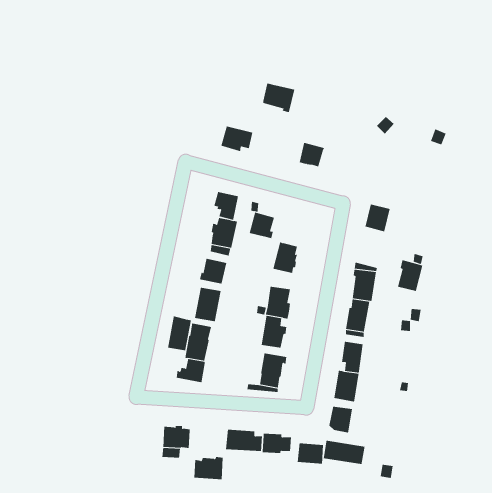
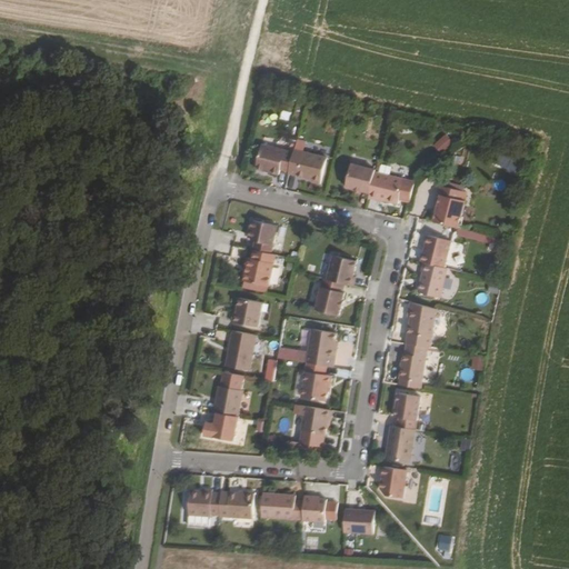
building: [262,83,295,113] -> [287,150,325,184]
building: none -> [367,172,413,203]
building: none -> [431,186,462,228]
building: [249,212,275,239] -> [325,254,355,286]
building: [397,260,423,292] -> [416,261,446,298]
building: [167,316,191,351] -> none
building: [323,440,365,465] -> none
building: [193,457,223,480] -> [218,491,252,518]

